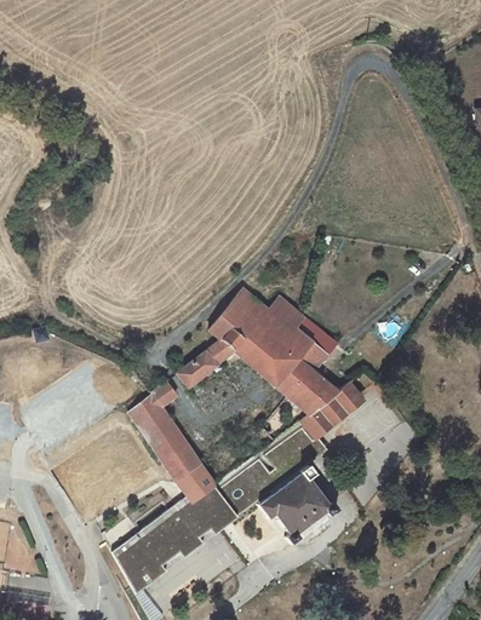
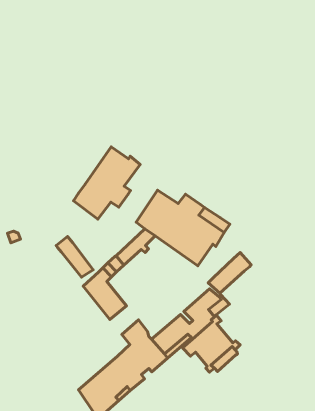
building: none -> [73,147,140,219]
building: none -> [56,236,93,277]
building: [288,367,338,413] -> none
building: [162,441,201,480] -> none

